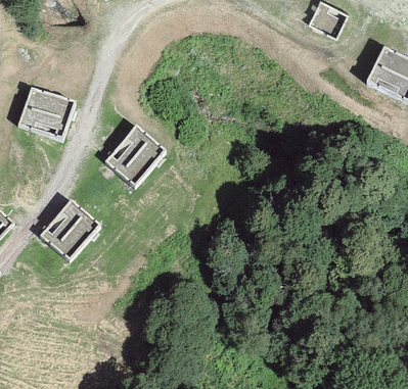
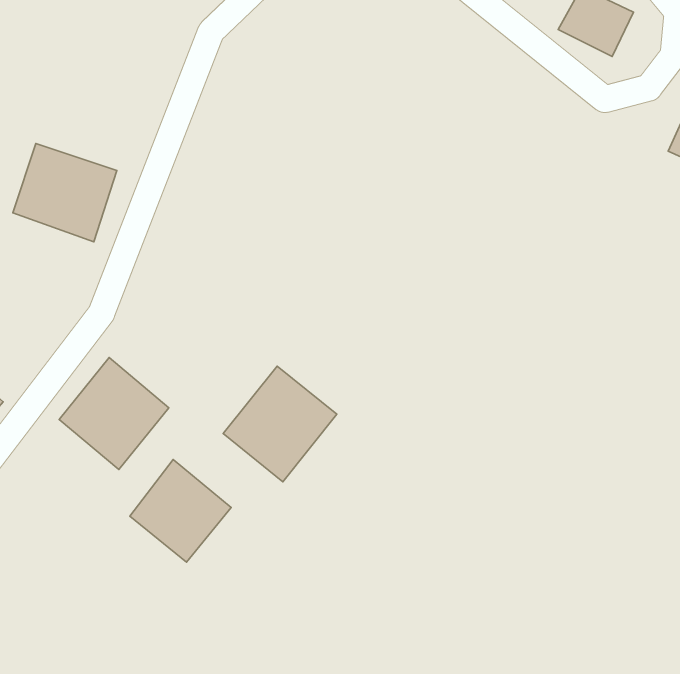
building: [104,124,165,185] -> [223,366,337,482]
building: none -> [130,460,231,562]

